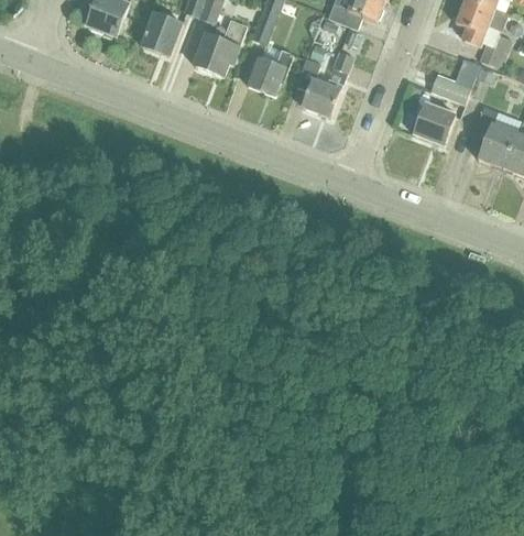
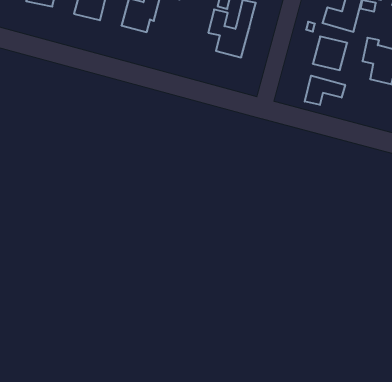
building: [249,48,294,95] -> none
building: none -> [305,76,345,105]

